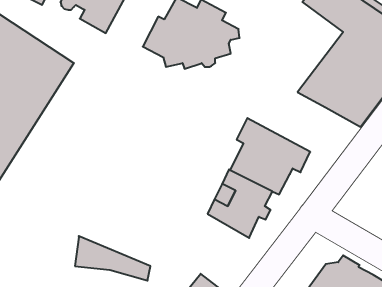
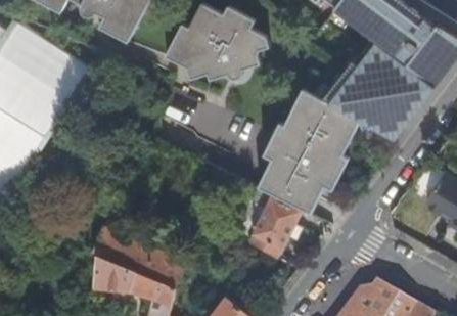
building: none -> [275,89,358,167]
building: none -> [89,226,184,287]

